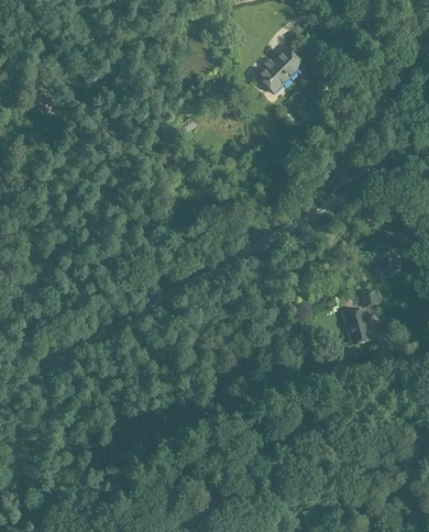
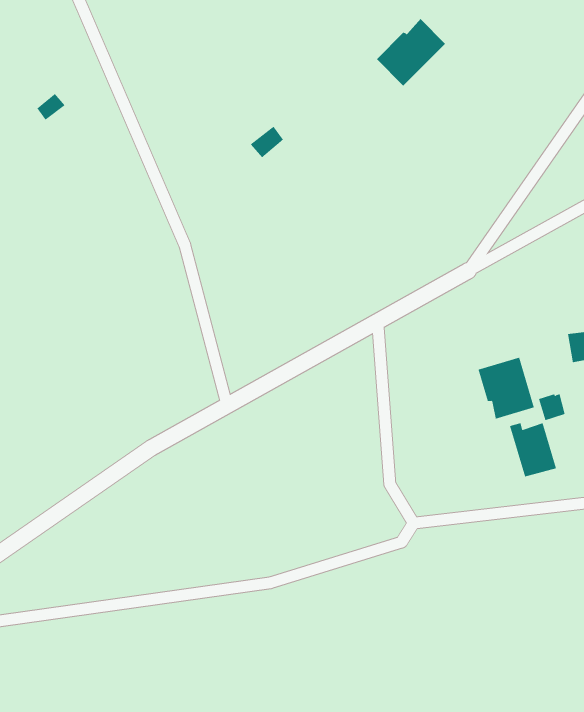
building: none -> [478,357,534,419]

